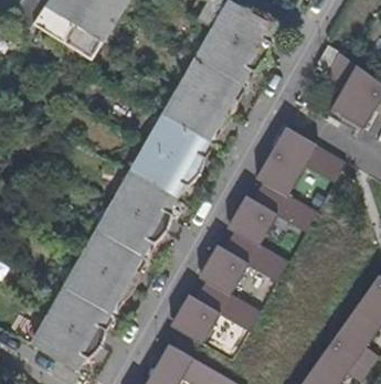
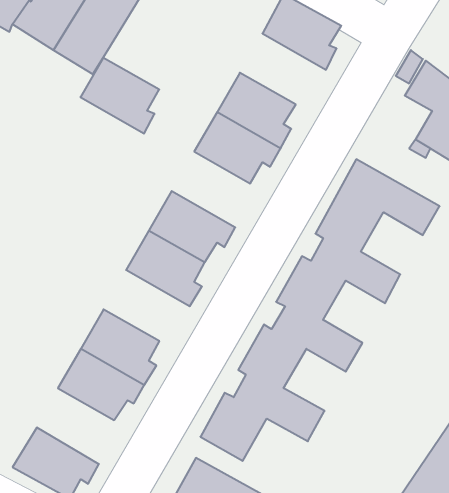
building: [200,30,263,82] -> none
building: [150,116,208,171] -> [80,58,159,134]
building: [100,202,163,254] -> none
building: [52,288,108,343] -> none

